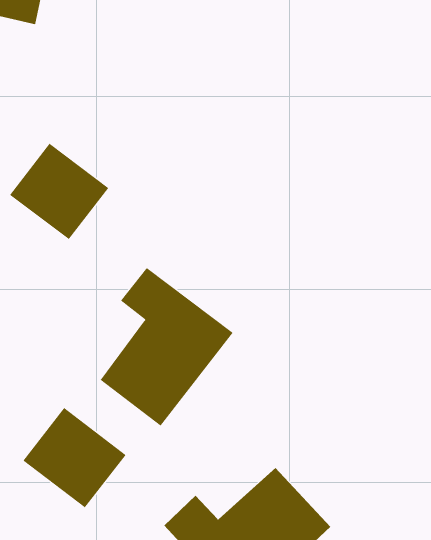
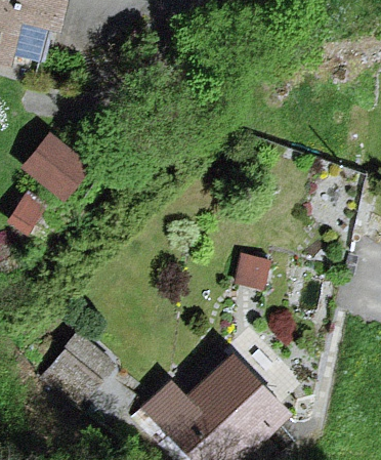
building: [100,267,233,427] -> none

